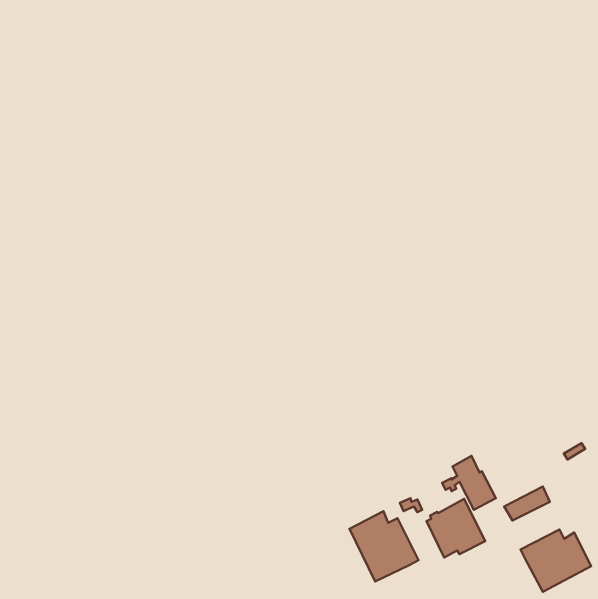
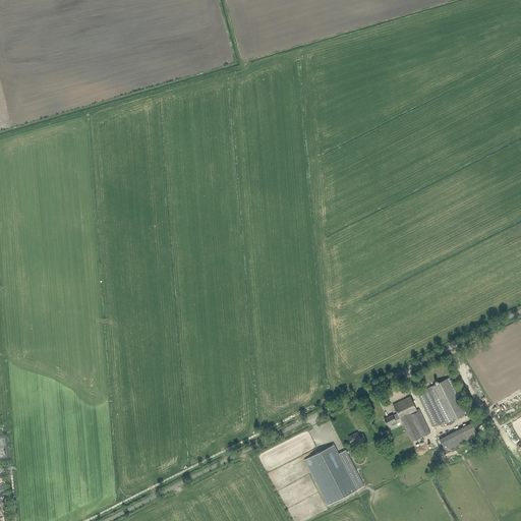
building: [427,499,485,558] -> [417,377,468,427]
building: [520,530,591,592] -> none

